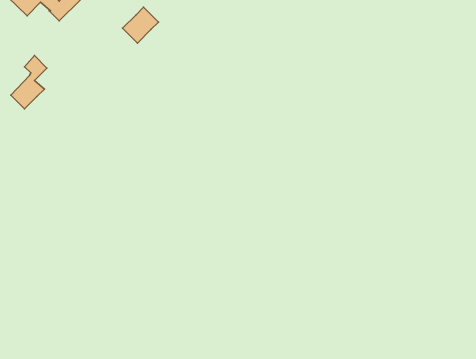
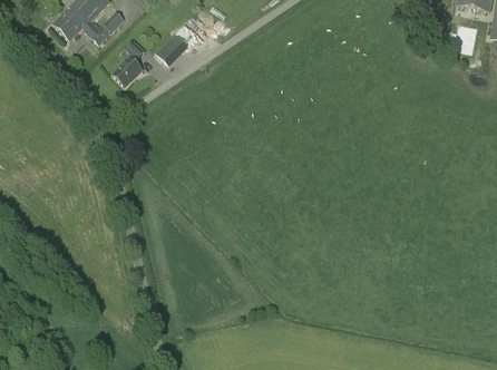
building: [11,56,47,109] -> [114,38,146,86]

